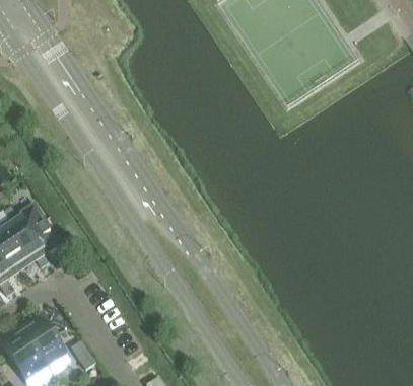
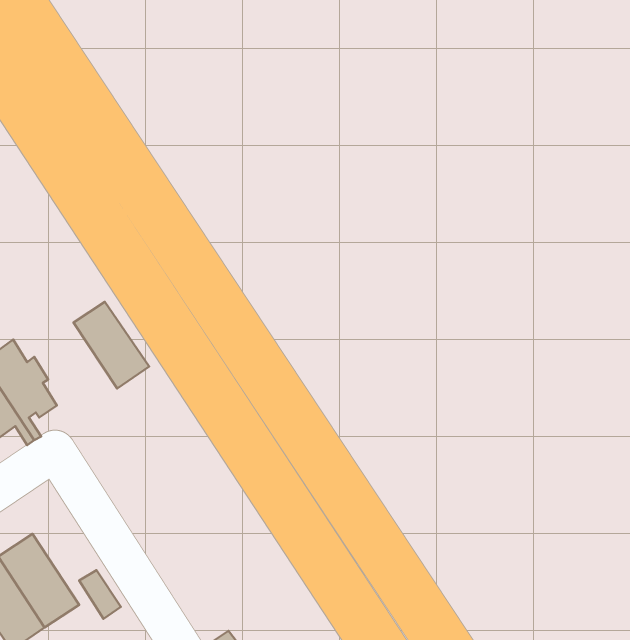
building: none -> [74,302,149,389]

